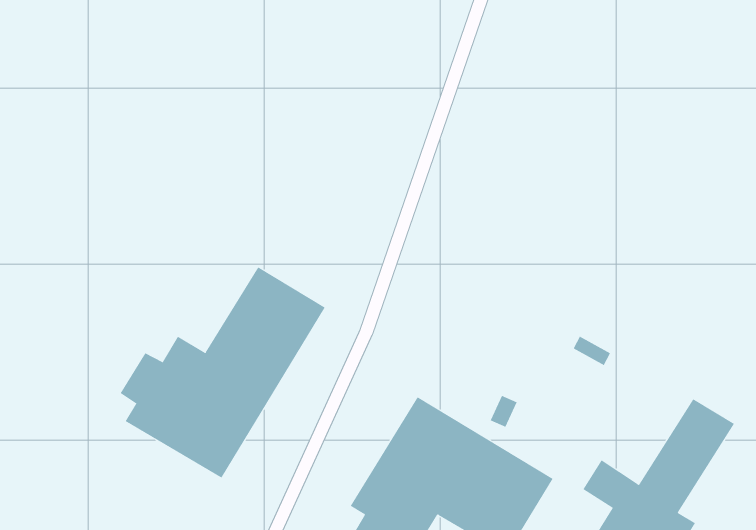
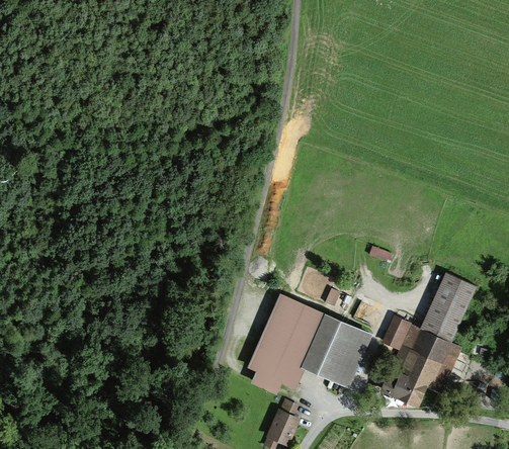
building: [120,266,325,479] -> none

